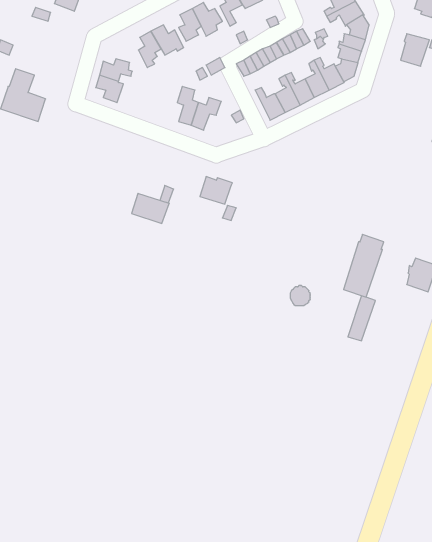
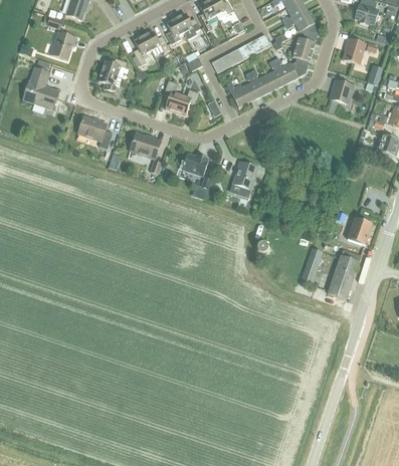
building: none -> [51,30,76,58]
building: none -> [330,78,353,102]
building: none -> [77,115,112,148]
building: none -> [232,160,258,195]
building: [132,193,169,223] -> [130,133,160,157]
building: [344,234,384,297] -> [328,249,360,299]

